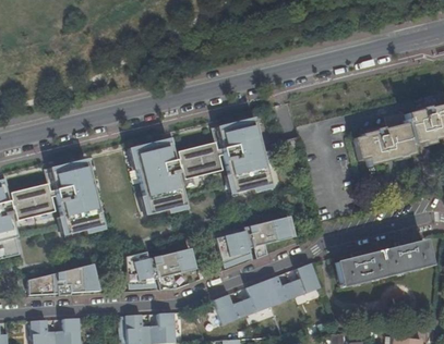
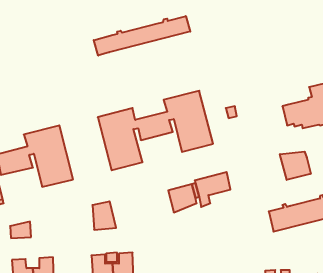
building: none -> [94,16,190,56]
building: none -> [280,152,311,180]
building: [152,247,195,291] -> none
building: [213,261,320,323] -> none
building: [56,263,98,295] -> none

